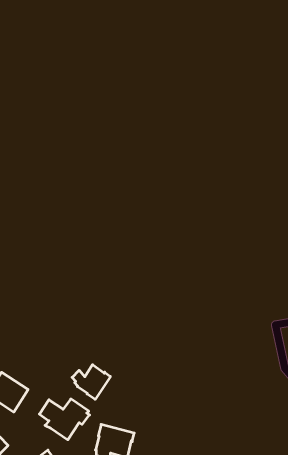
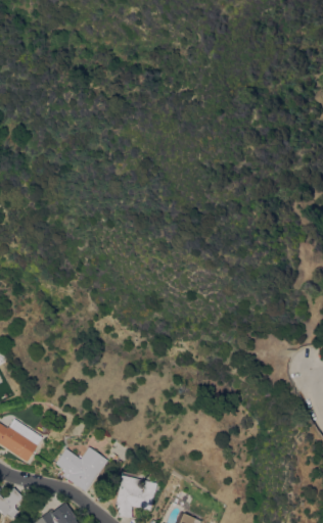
building: [72,365,110,399] -> none

